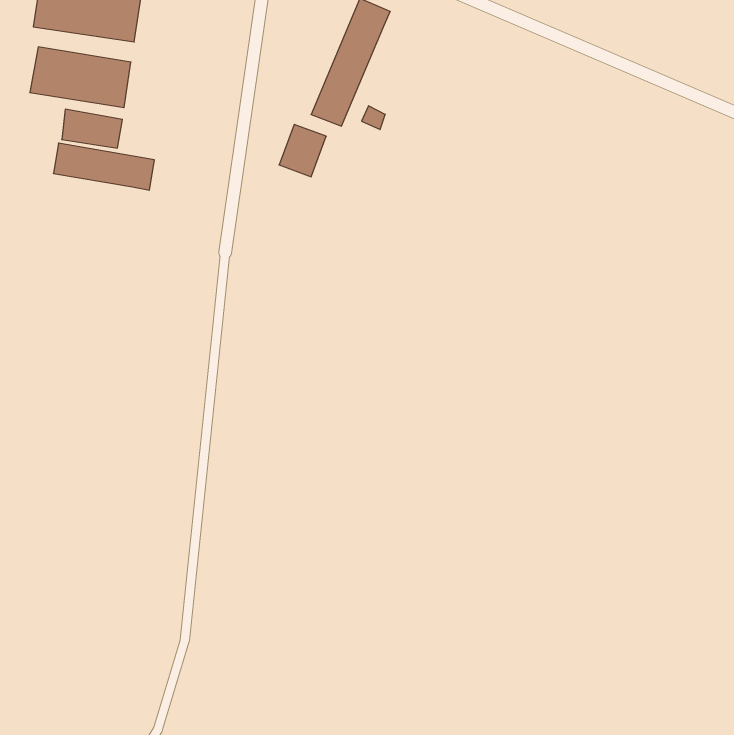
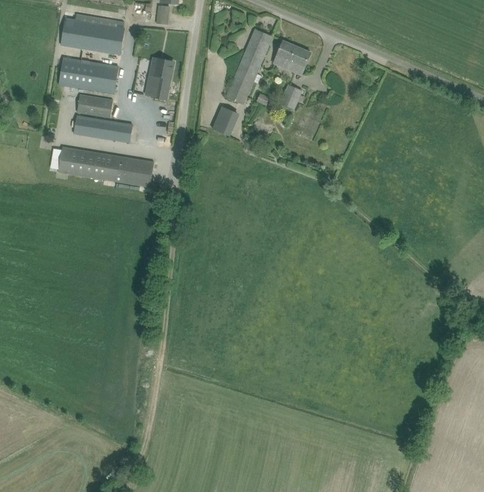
building: none -> [273,40,310,74]
building: none -> [150,58,173,99]
building: none -> [279,83,303,110]
building: none -> [58,146,153,187]

